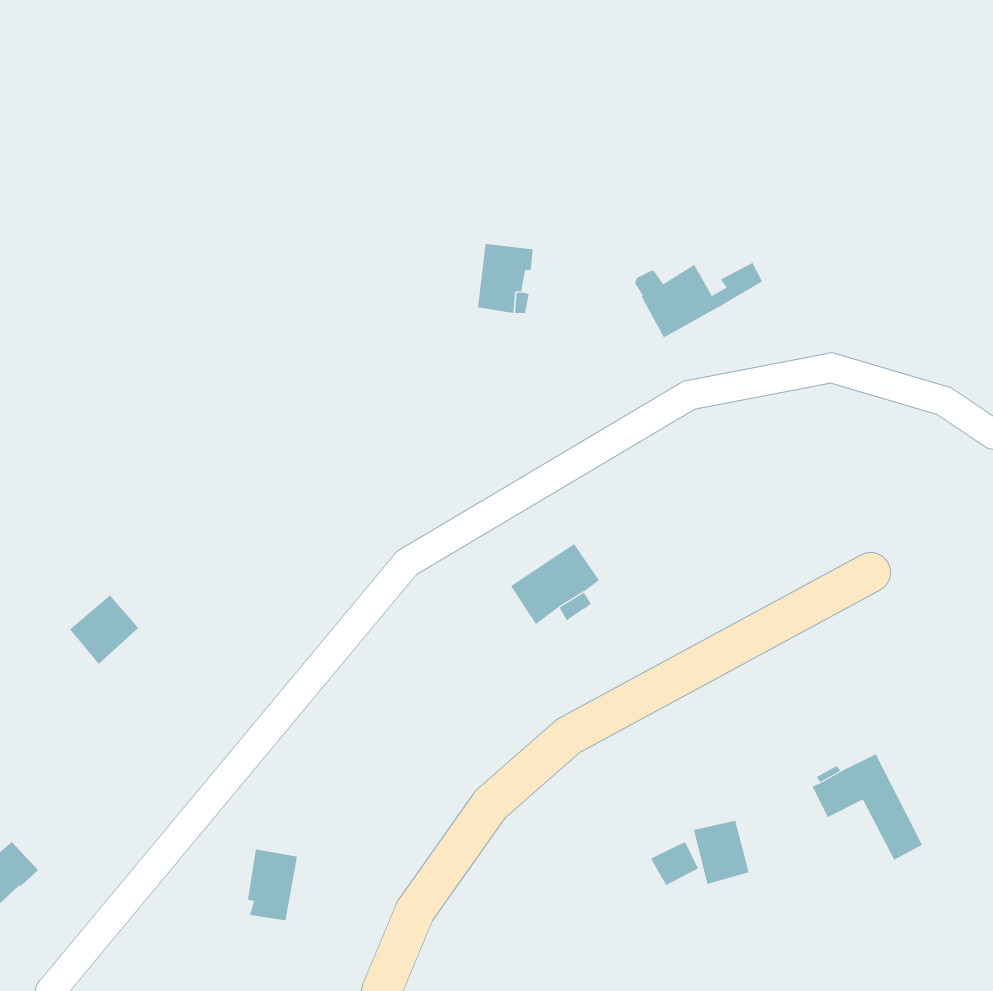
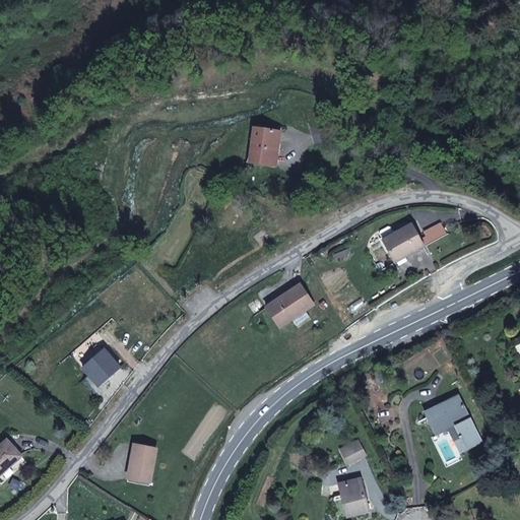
building: [634,262,763,338] -> [379,221,446,261]
building: [69,595,139,665] -> [82,348,119,385]
building: none -> [432,417,466,453]
building: [693,820,750,884] -> [338,479,368,513]

